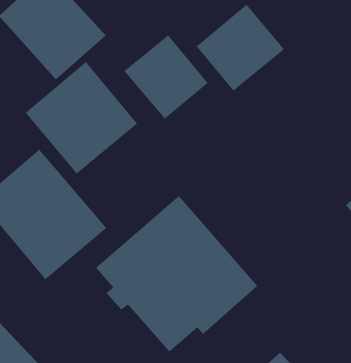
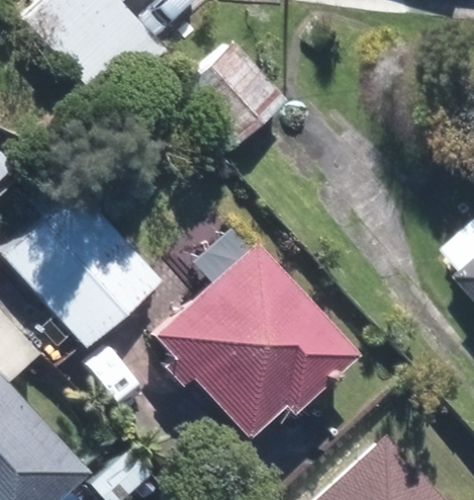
building: [196,4,285,91] -> none
building: [25,61,138,175] -> none

